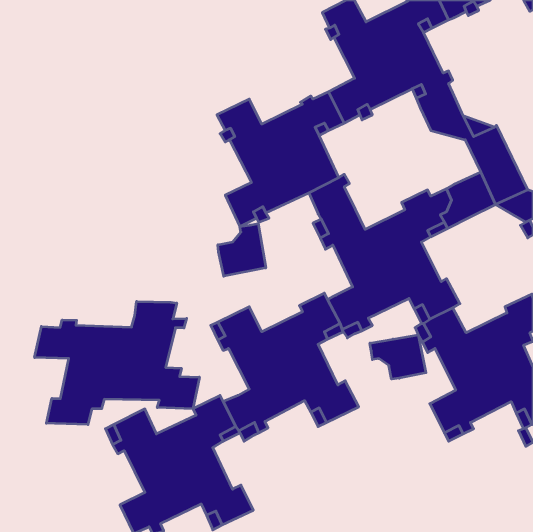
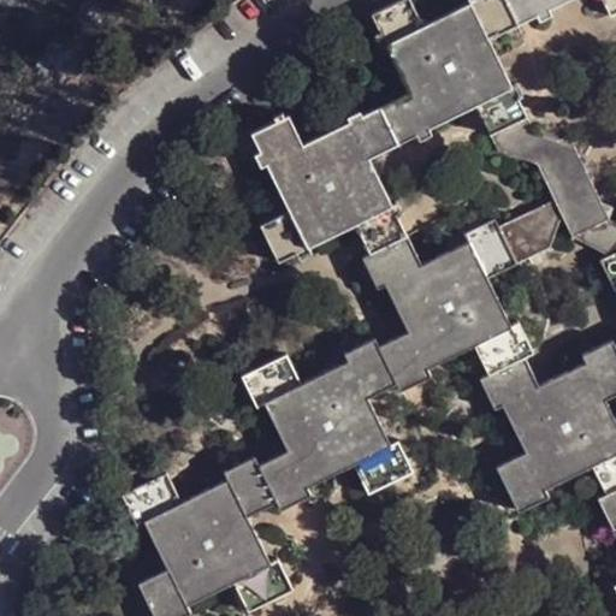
building: [218,224,266,276] -> none
building: [35,301,199,425] -> none
building: [370,335,426,379] -> none

